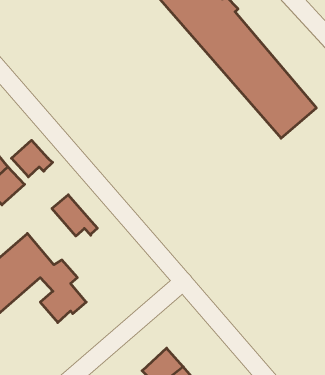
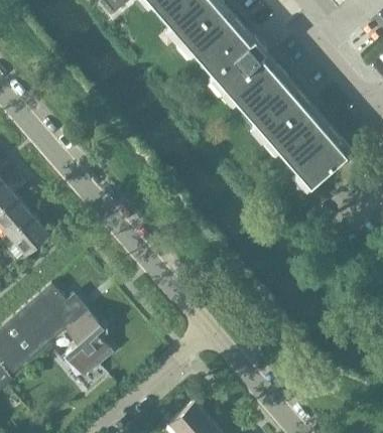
building: [11,140,53,177] -> none
building: [52,195,97,236] -> none

